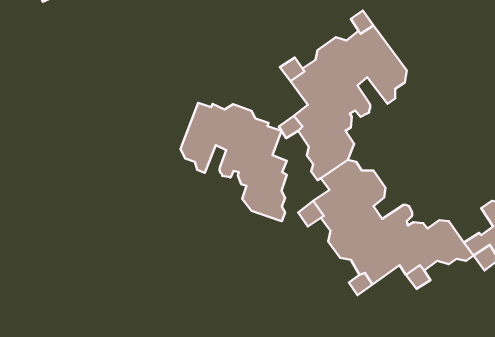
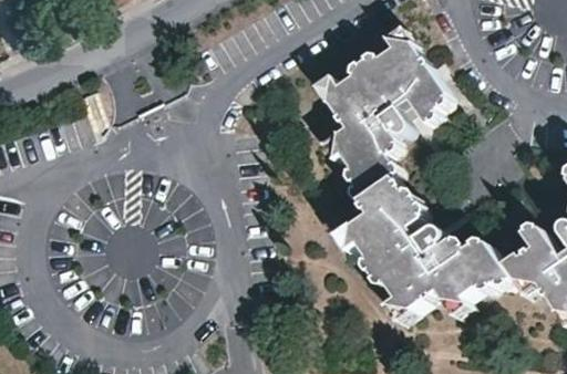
building: [181,103,287,221] -> none

